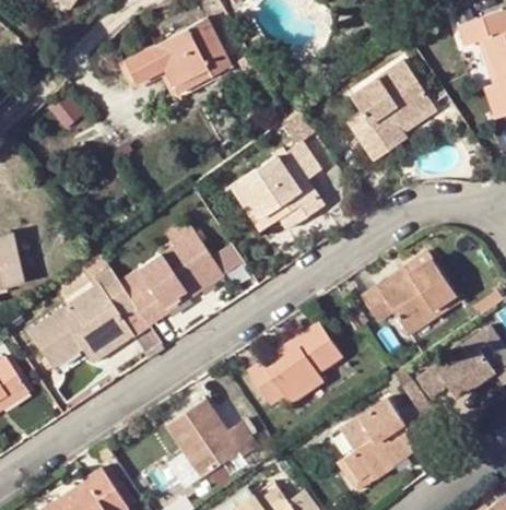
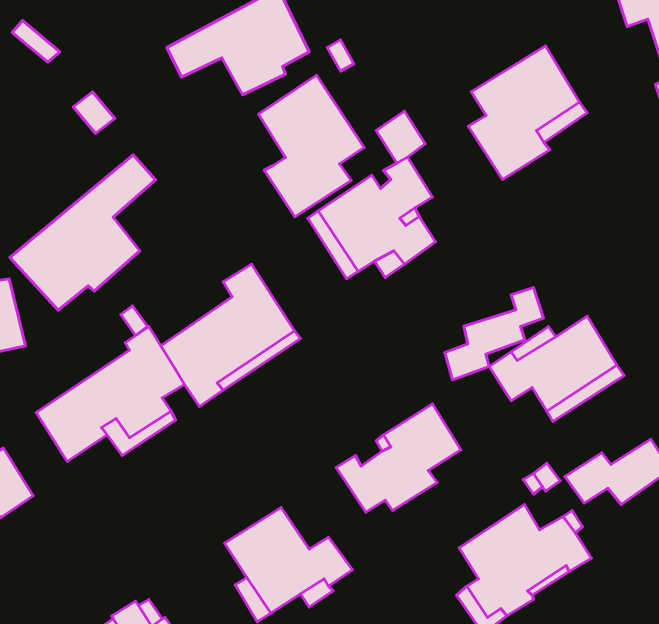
building: none -> [259,75,364,217]
building: none -> [10,155,155,310]
building: none -> [445,287,543,380]

